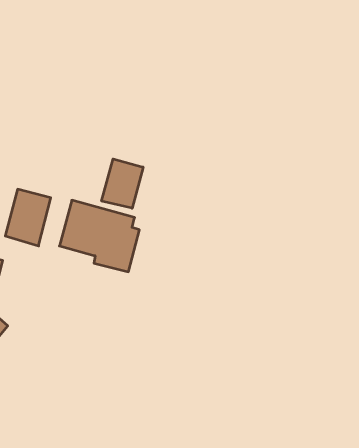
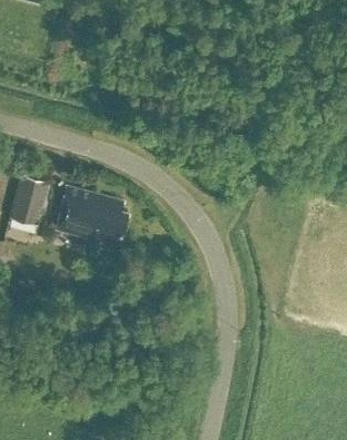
building: [102,159,143,208] -> none

